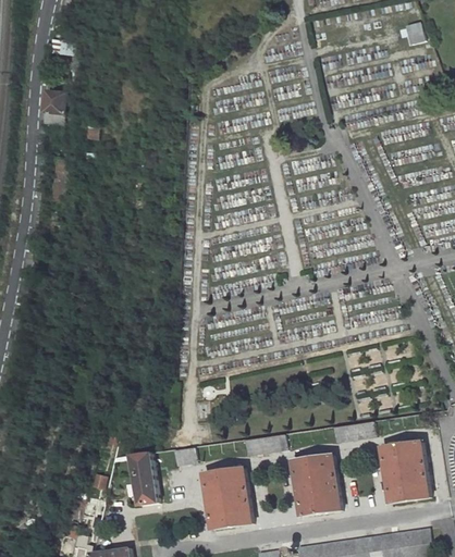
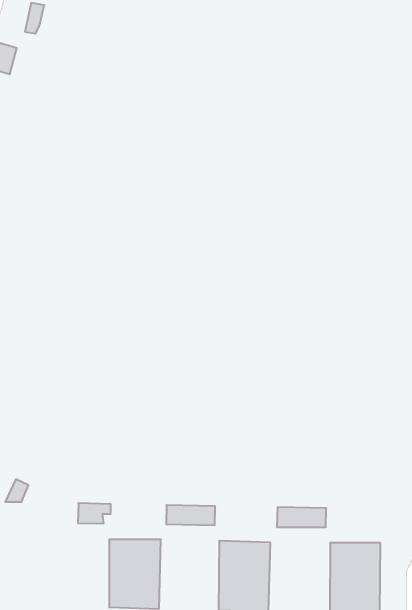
building: [130,451,157,506] -> none

